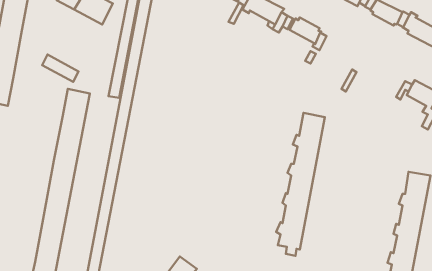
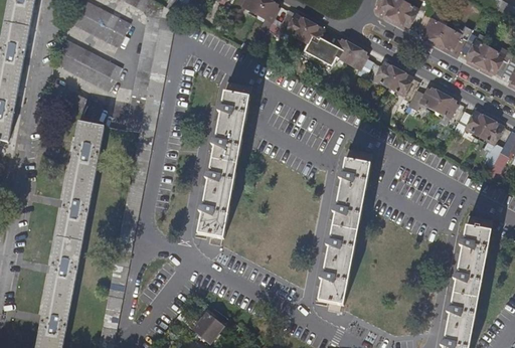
building: none -> [56,37,123,92]
building: none -> [368,61,412,95]
building: none -> [194,80,250,244]
building: none -> [408,88,457,118]

